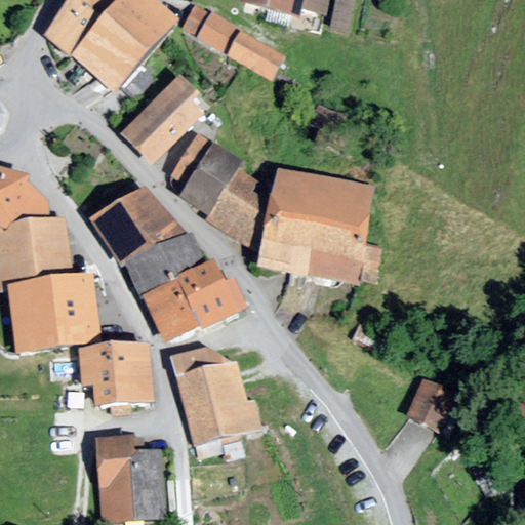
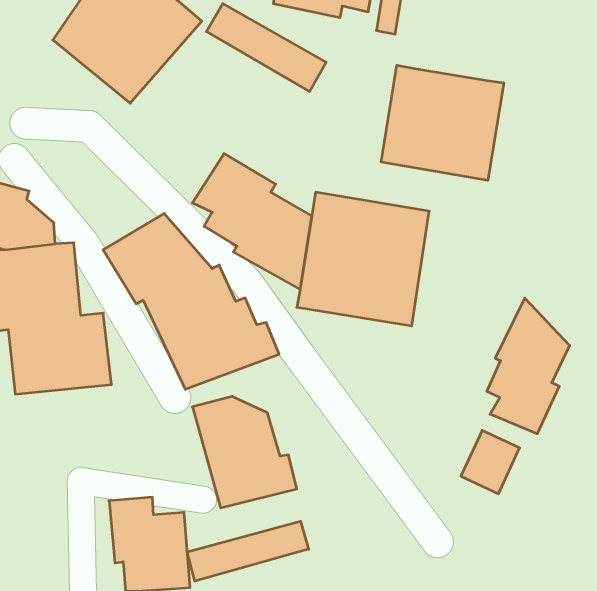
building: none -> [381,65,504,180]
building: [118,73,210,166] -> none
building: none -> [487,298,570,434]
building: [78,344,151,405] -> none
building: none -> [187,521,309,581]

